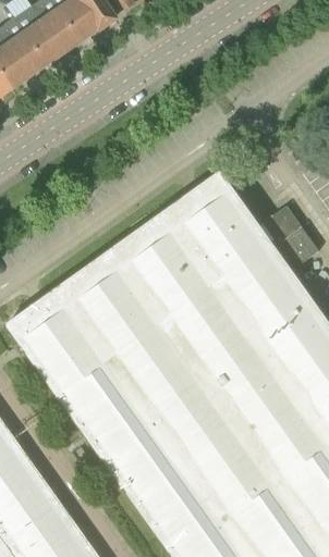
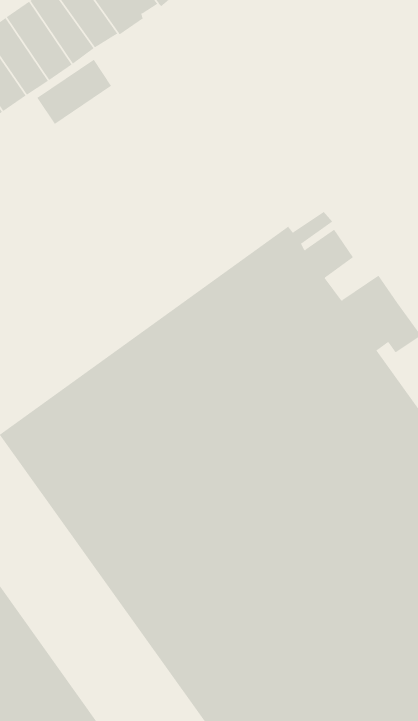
building: none -> [37,59,112,125]

